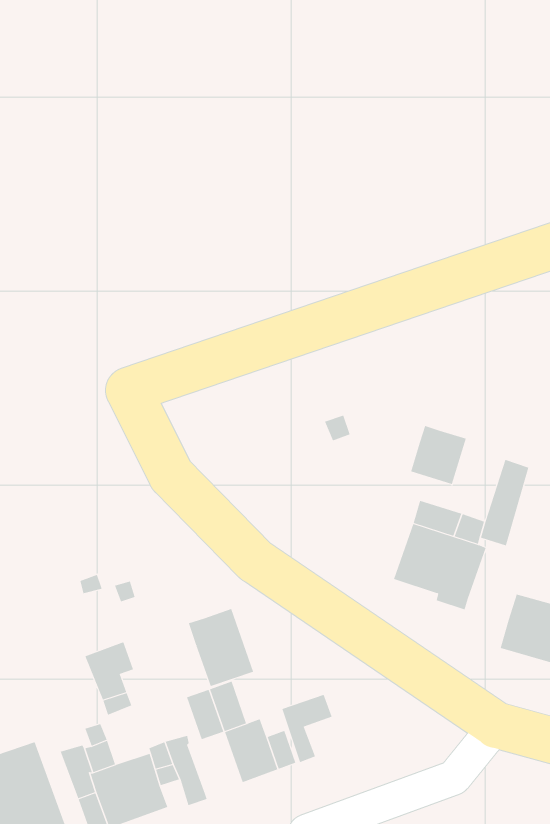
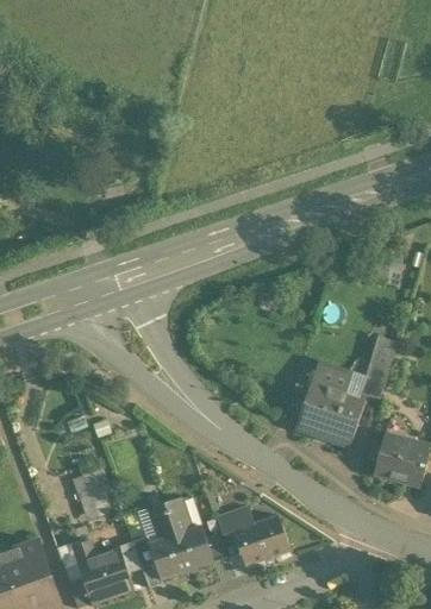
building: [410,425,466,485] -> none
building: [188,608,254,687] -> none
building: none -> [232,514,289,565]
building: none -> [148,533,187,578]

